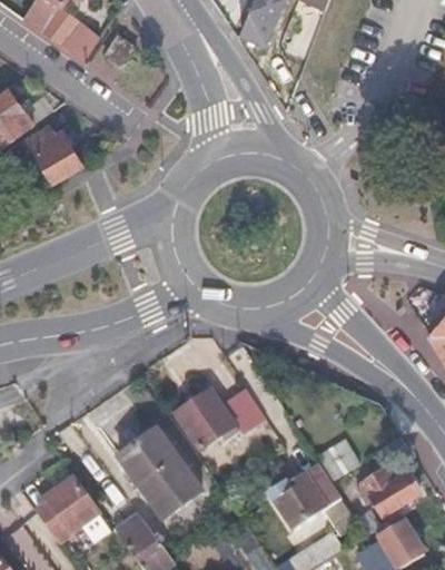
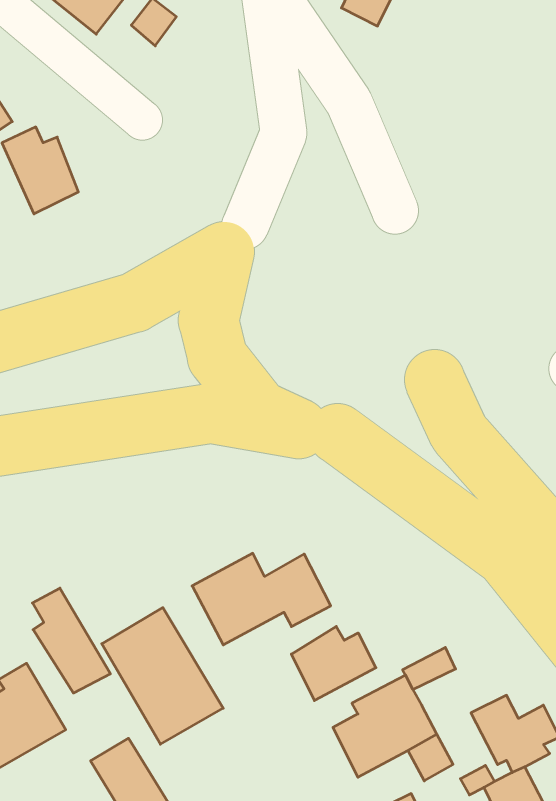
building: none -> [32,588,110,693]
building: none -> [291,626,376,701]

